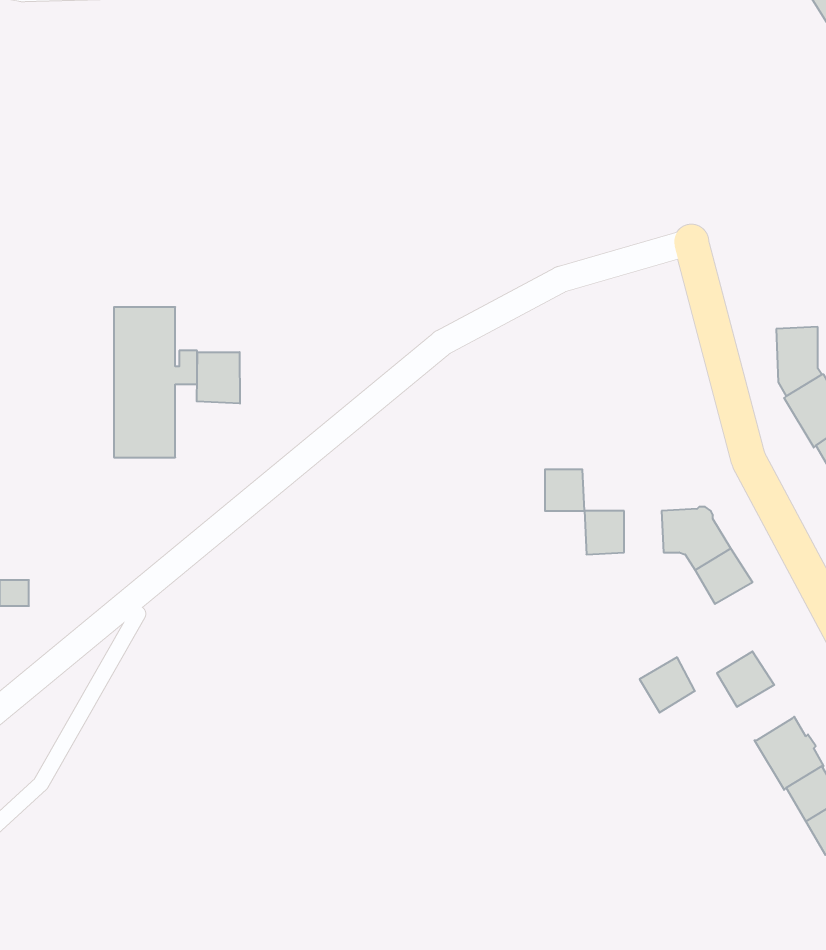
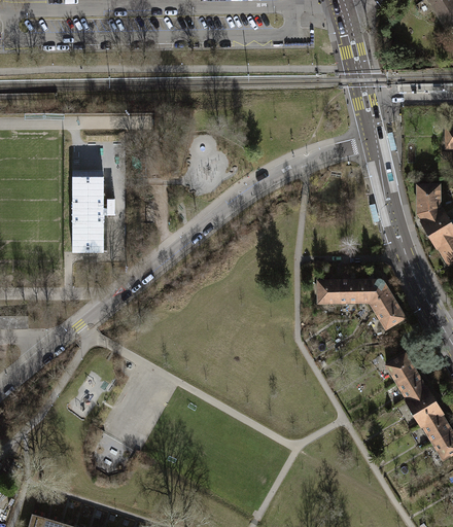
building: [197,352,240,404] -> none
building: [545,469,584,511] -> [338,281,358,303]
building: [640,657,695,713] -> [396,372,425,400]

